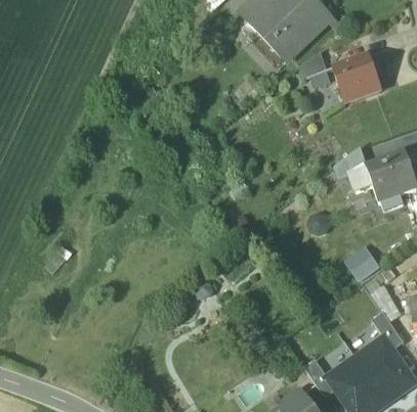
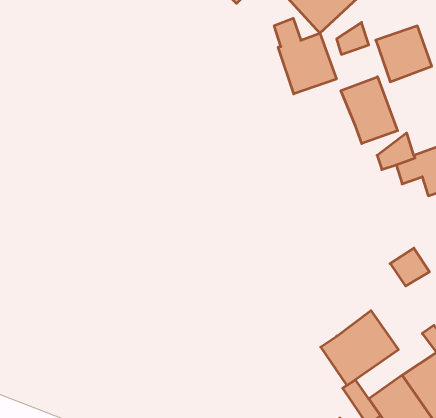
building: none -> [274,18,336,94]
building: none -> [341,77,398,144]
building: none -> [321,311,398,385]

